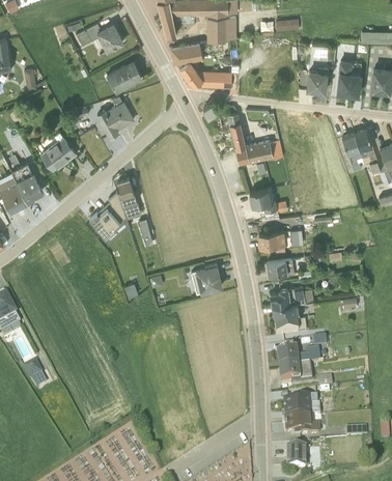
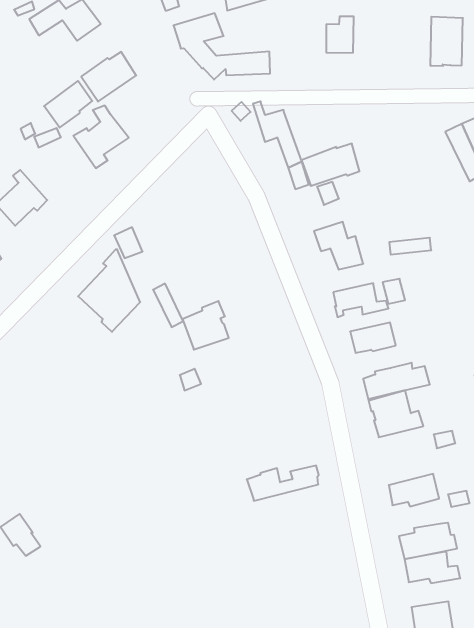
building: [306,65,327,90] -> [326,16,354,53]
building: none -> [44,81,92,128]
building: [191,263,220,293] -> [183,301,229,350]
building: [276,345,324,365] -> [247,466,319,501]

